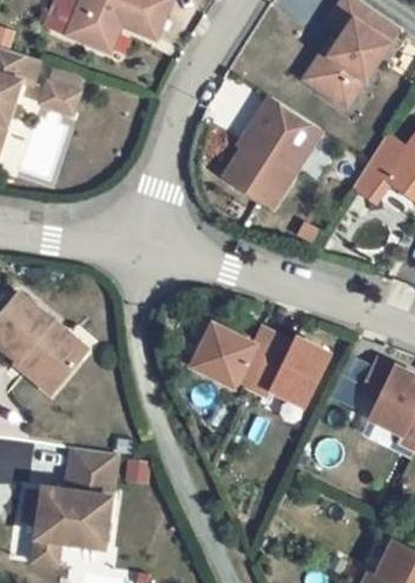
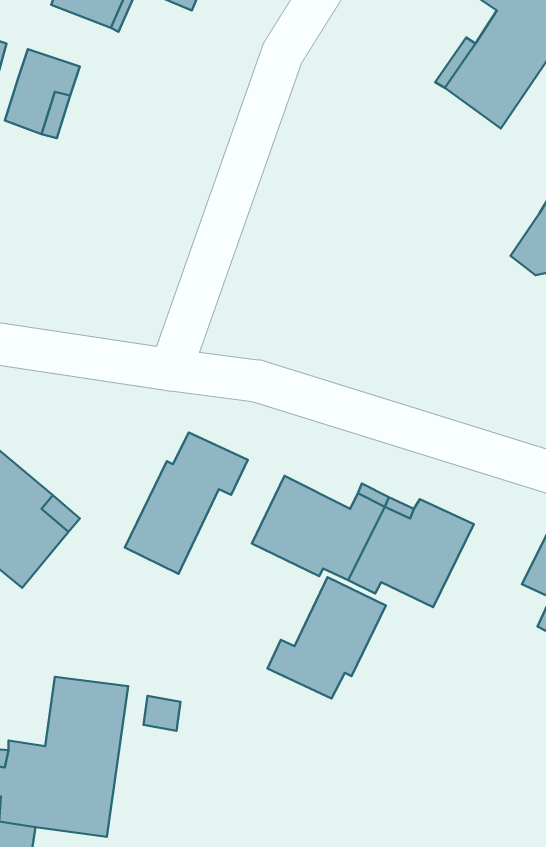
building: [226,98,323,208] -> none
building: none -> [125,433,248,574]
building: none -> [267,577,386,699]

